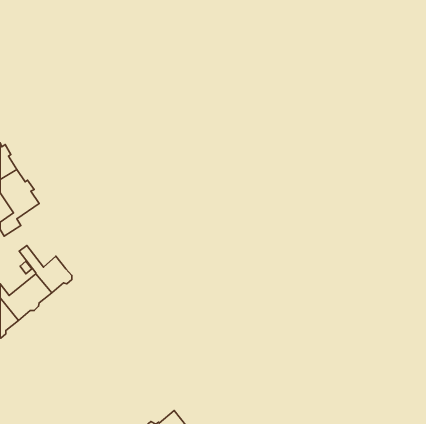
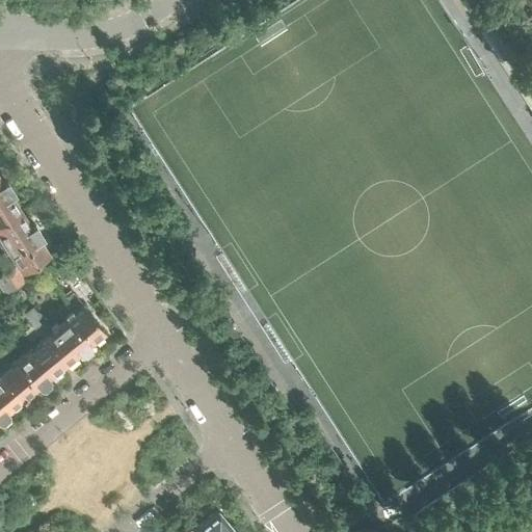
building: none -> [65,295,104,346]

